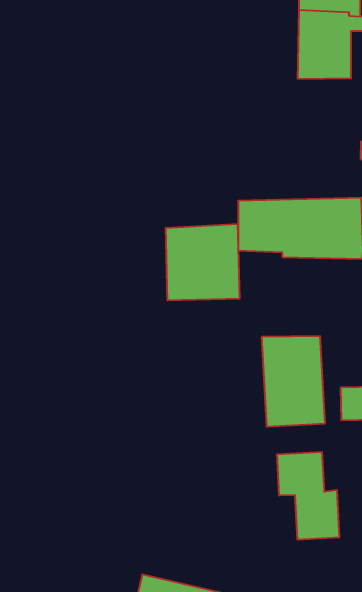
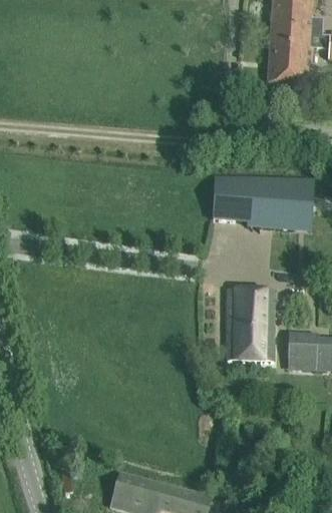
building: [166,224,239,300] -> none
building: [277,452,339,540] -> none

